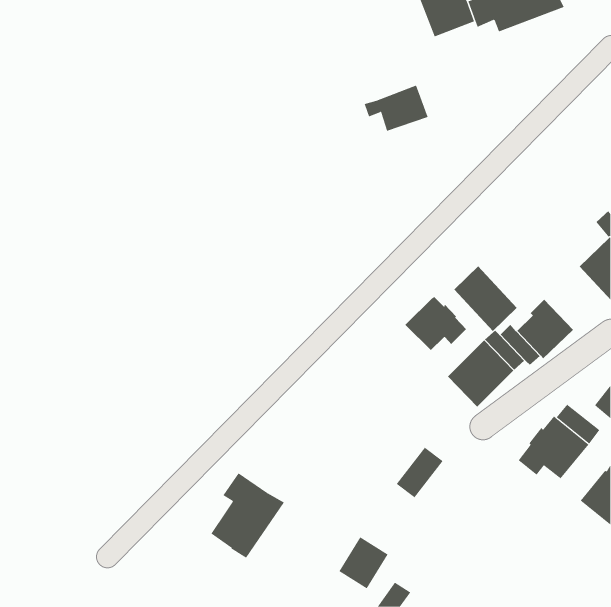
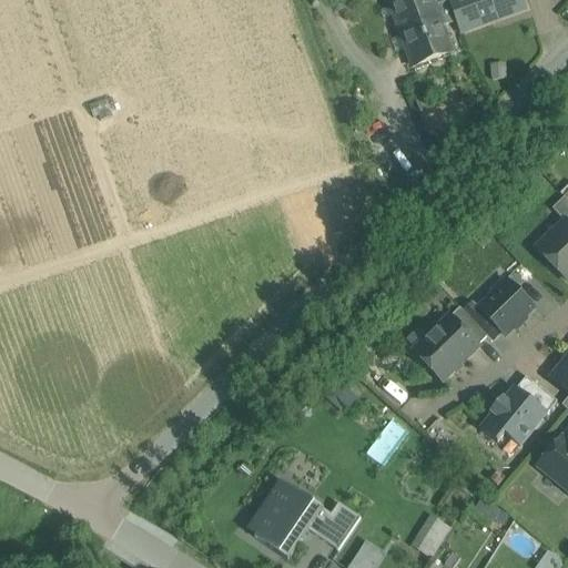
building: [364,85,428,131] -> [392,20,452,63]
building: [454,265,517,332] -> none
building: [405,296,467,351] -> none
building: [211,473,285,559] -> [255,479,324,559]
building: none -> [413,514,449,555]

